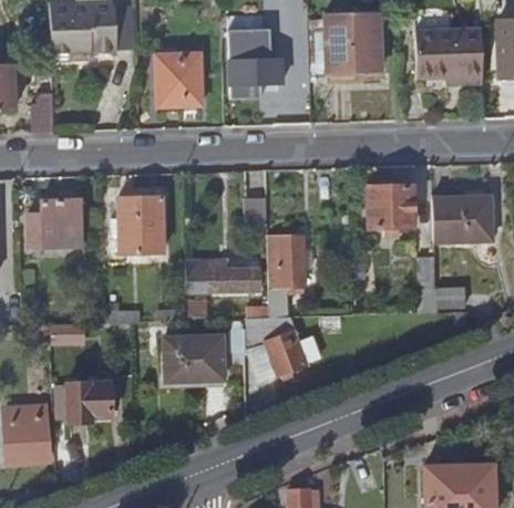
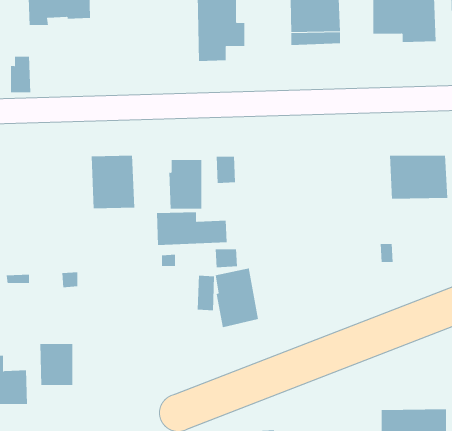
building: [156,51,203,103] -> none
building: [373,188,420,229] -> none
building: [28,200,83,247] -> none
building: [270,232,306,284] -> [169,160,202,209]
building: [163,334,222,380] -> none

